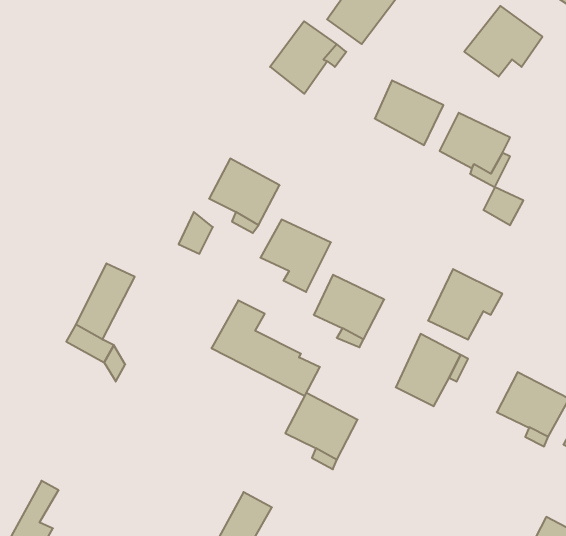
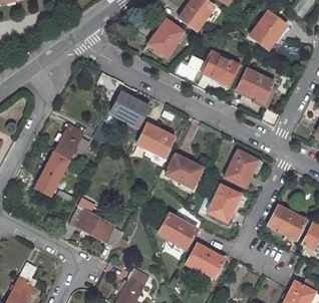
building: none -> [60,123,86,154]
building: [211,300,320,396] -> [67,197,124,247]
building: none -> [185,242,222,279]

